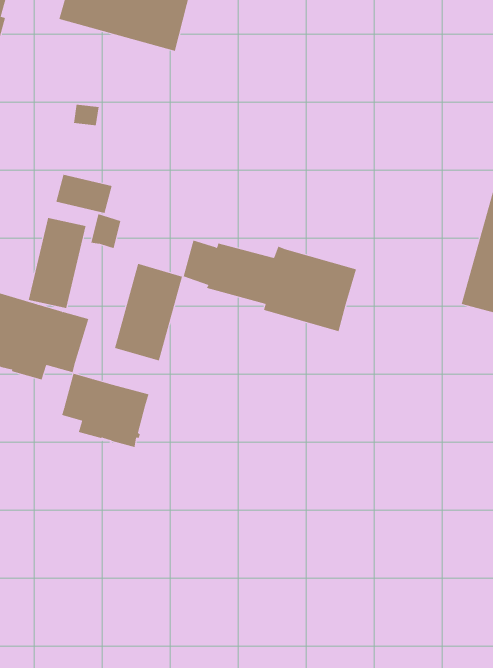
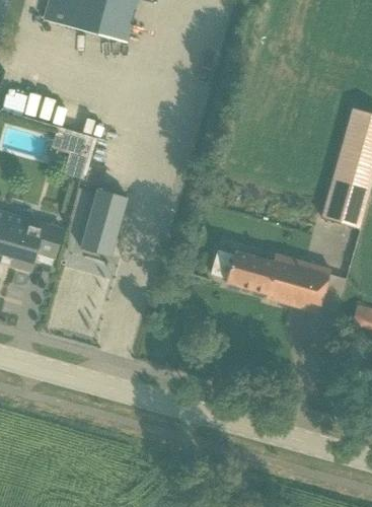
building: [28,217,86,309] -> none
building: [183,240,357,332] -> [210,247,330,311]
building: [62,373,149,448] -> none

